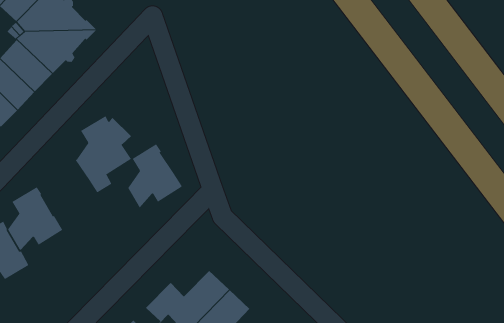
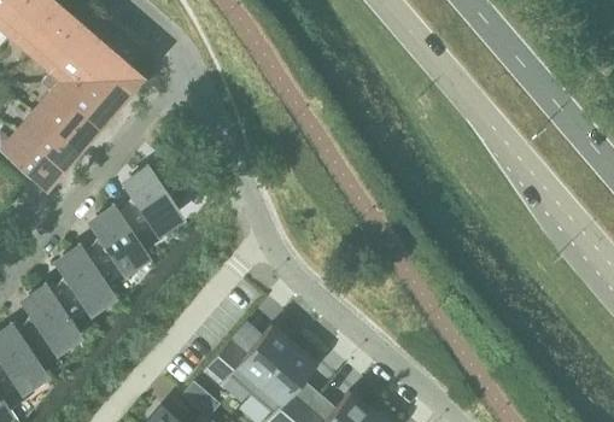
building: [127,143,182,208] -> [87,205,146,275]

